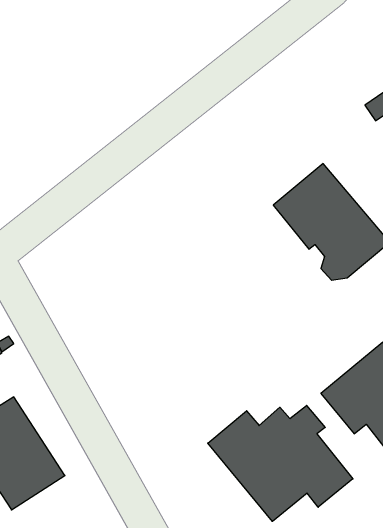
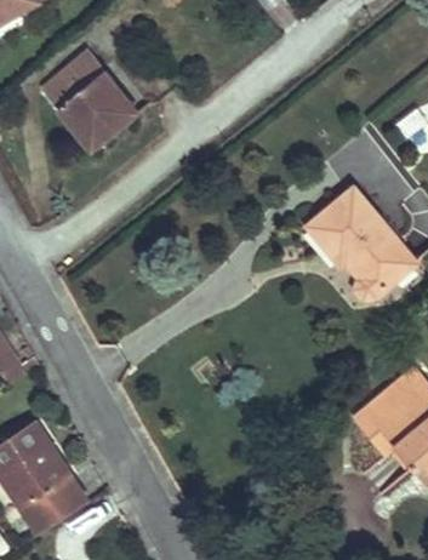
building: none -> [40,50,142,155]
building: [208,405,353,521] -> none

